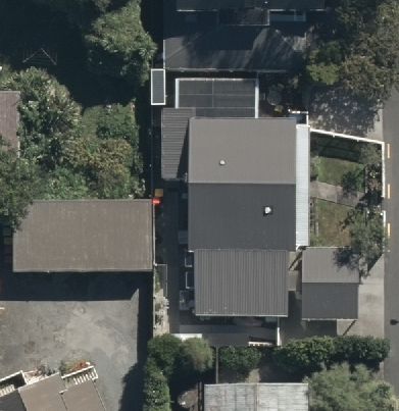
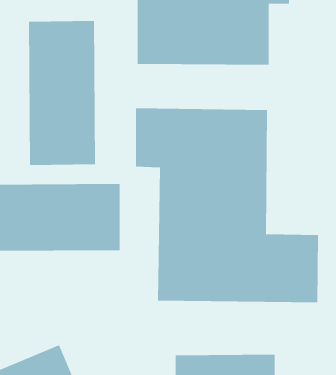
building: none -> [29,20,95,166]

